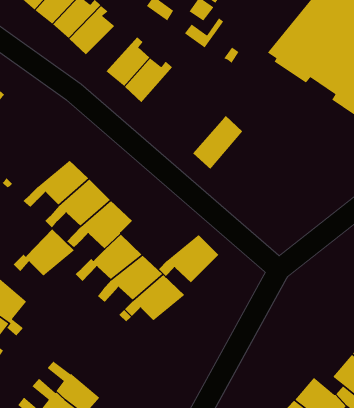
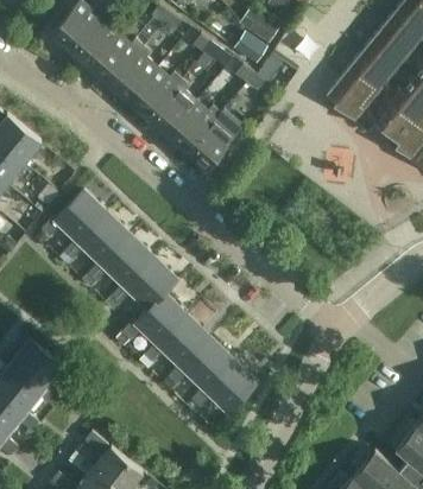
building: none -> [127,68,183,118]
building: [192,115,243,170] -> [188,110,244,170]
building: [13,229,75,277] -> [42,190,109,242]
building: [158,234,219,283] -> [191,361,258,414]

